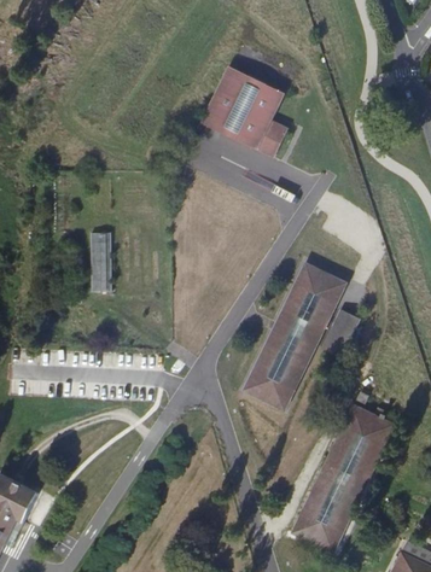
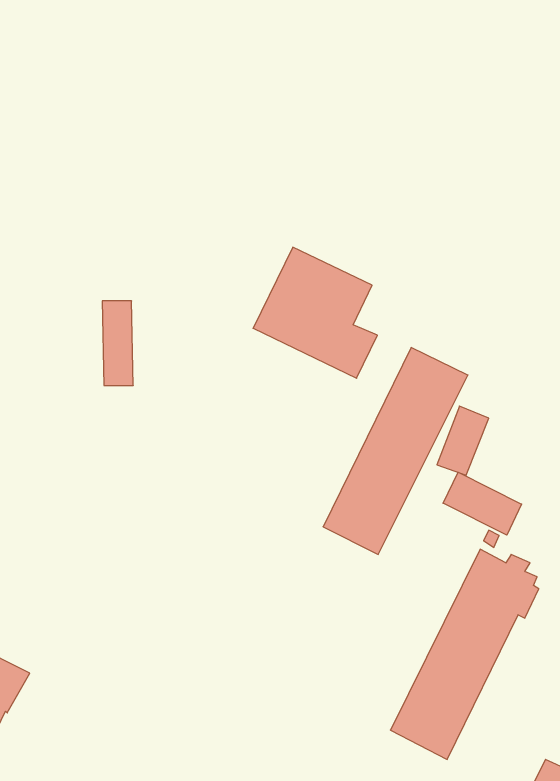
building: [200,65,287,157] -> [253,247,377,378]
building: none -> [443,472,522,535]

